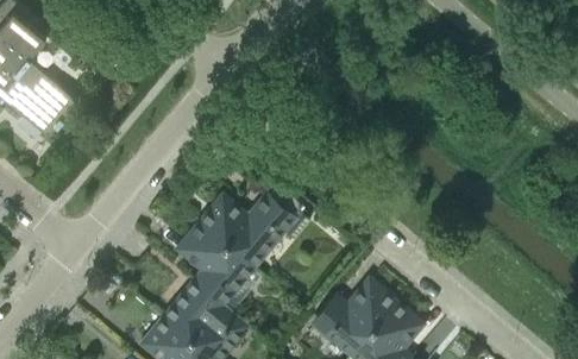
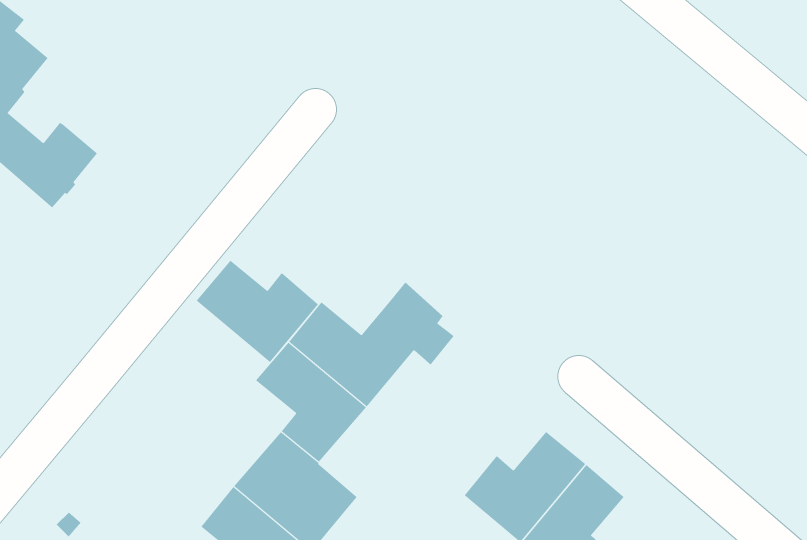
building: none -> [196,260,319,363]

